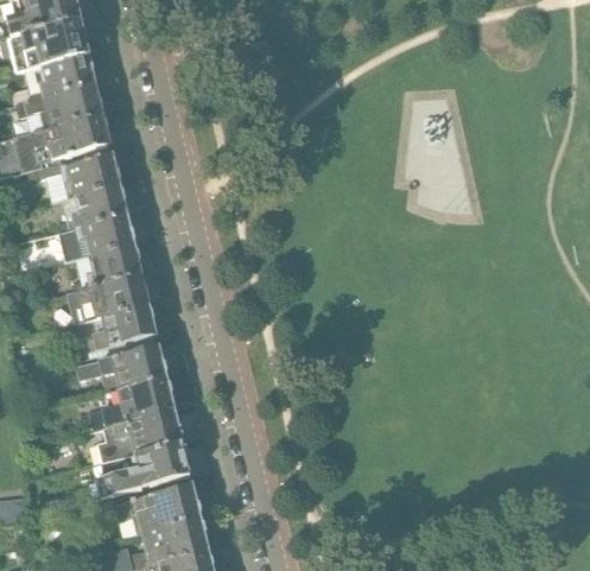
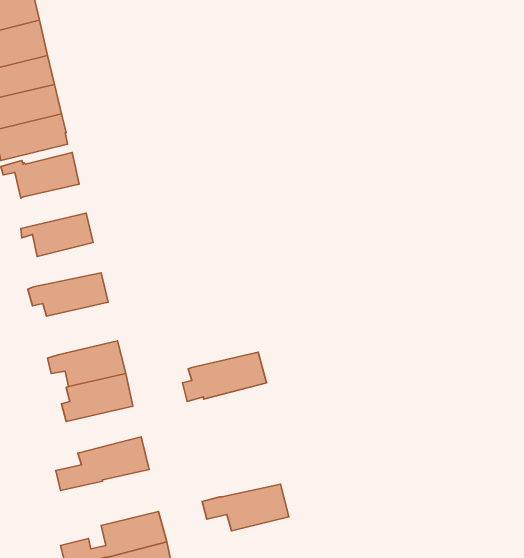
building: [59,188,128,233] -> none
building: [74,247,144,292] -> none
building: [81,307,158,354] -> none
building: [99,413,184,463] -> [182,352,266,401]
building: [114,487,202,534] -> [202,484,289,531]

